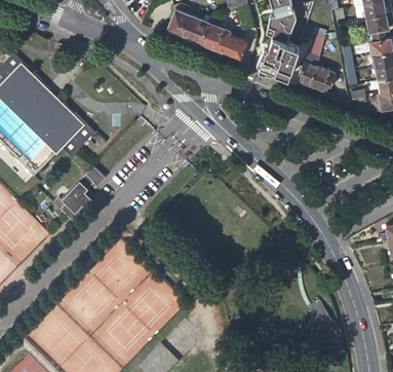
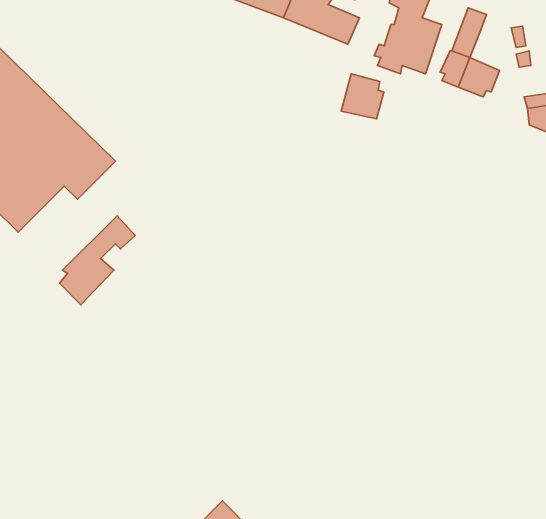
building: none -> [341,74,384,119]

